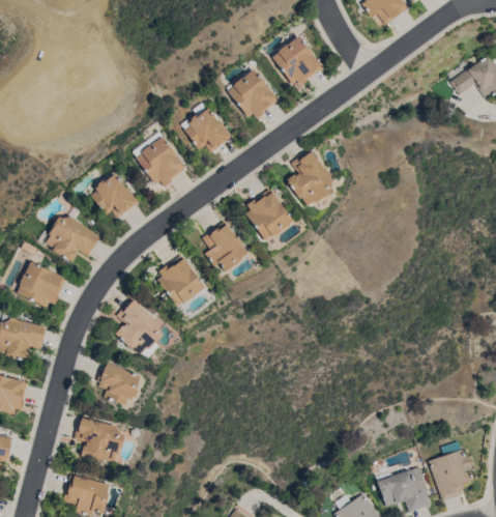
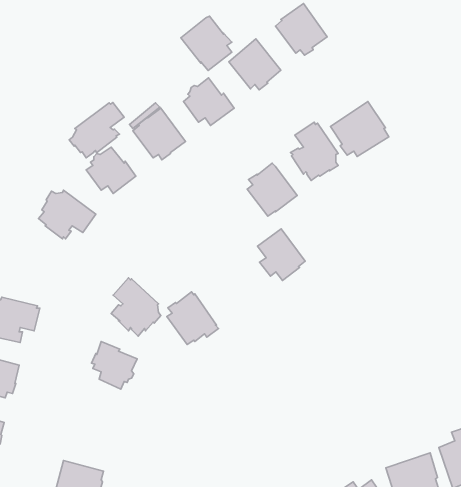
building: none -> [181,16,232,70]
building: none -> [330,101,389,156]
building: none -> [69,102,124,158]
building: [202,221,247,270] -> [257,229,305,281]
building: [157,255,207,306] -> [167,292,219,345]
building: [17,261,66,307] -> none
building: [74,417,123,462] -> none

